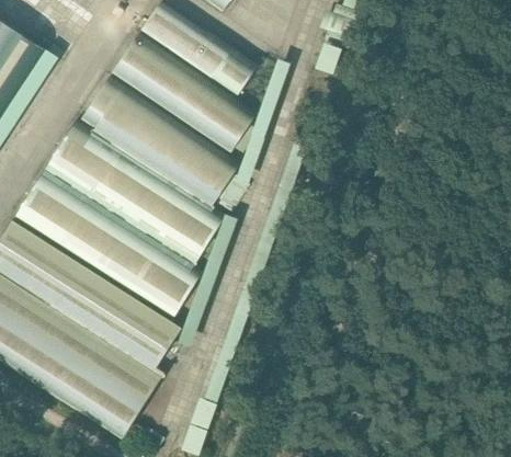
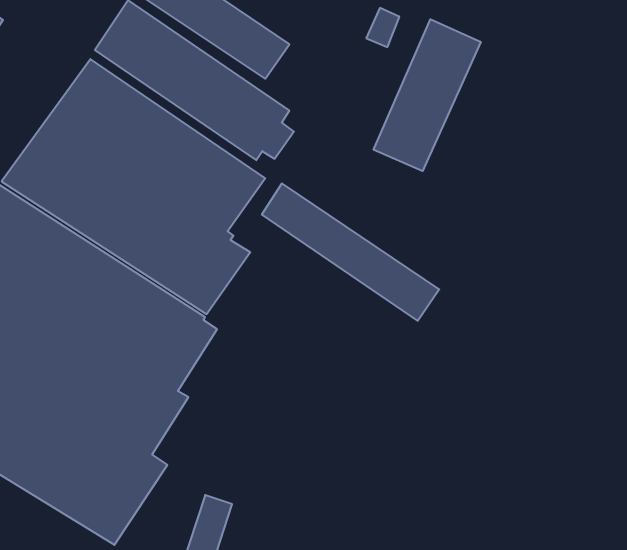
building: none -> [374,19,481,171]
building: none -> [262,183,439,321]

